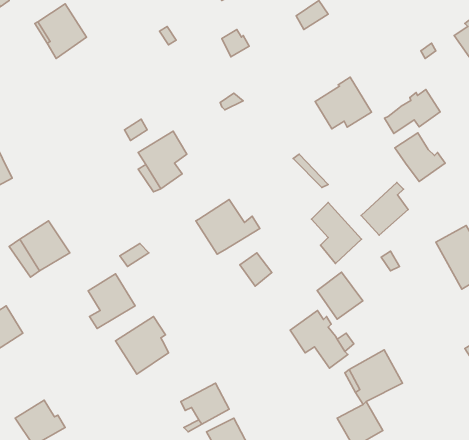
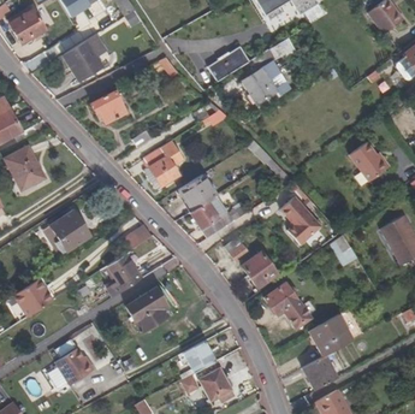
building: none -> [91,90,126,123]
building: [315,77,371,129] -> [243,61,287,102]
building: [384,90,440,133] -> none
building: none -> [179,173,217,209]
building: [361,183,408,235] -> none
building: [317,272,363,319] -> [242,250,278,288]

